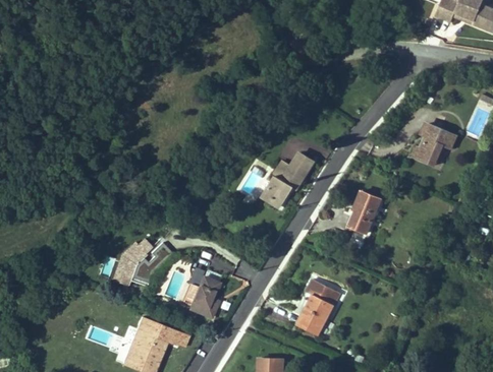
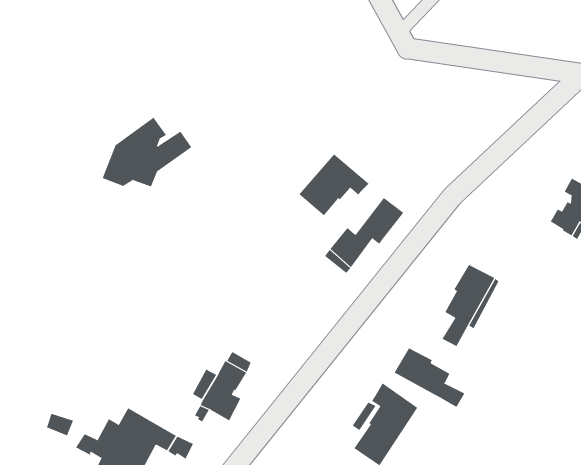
building: none -> [298,154,370,216]
building: [111,235,170,285] -> [102,117,192,187]
building: none -> [394,347,465,408]

